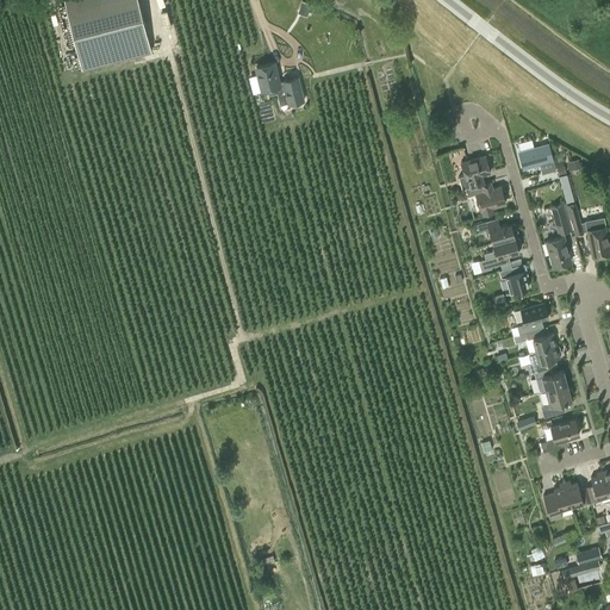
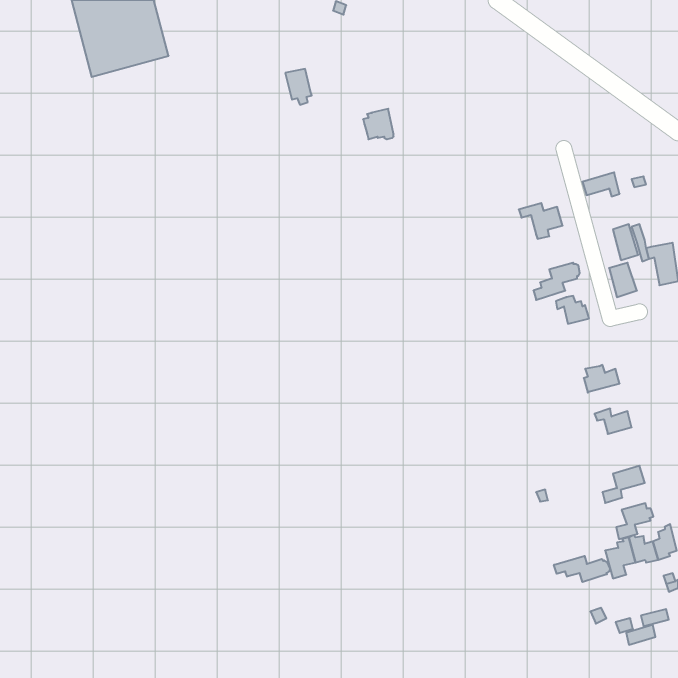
building: [275,77,303,105] -> [363,109,394,139]
building: [459,155,490,188] -> none
building: [474,218,517,242] -> none
building: [512,301,548,334] -> none
building: [525,344,561,373] -> none
building: [541,384,574,416] -> [616,503,653,539]
building: none -> [554,556,610,582]

